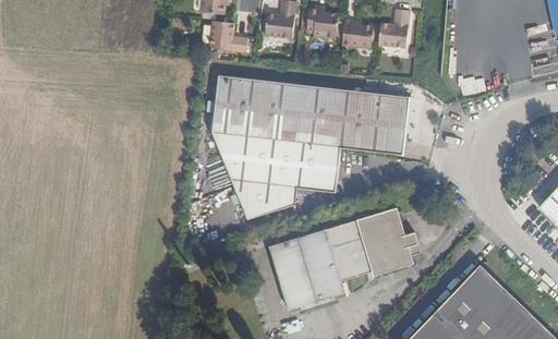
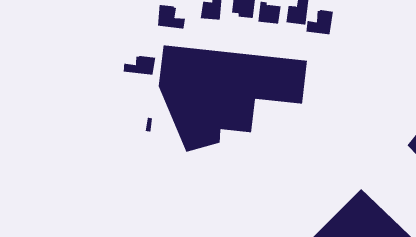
building: none -> [306,9,334,35]
building: none -> [123,55,156,75]
building: [268,207,420,308] -> none

